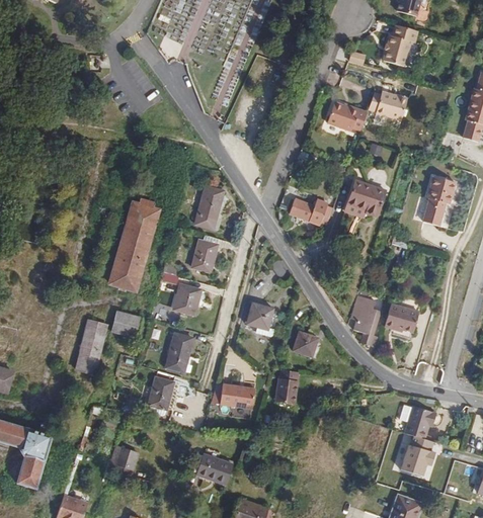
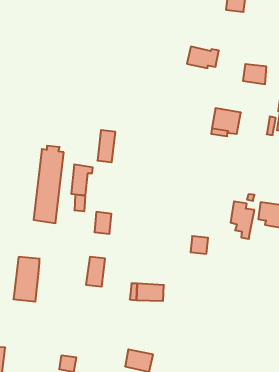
building: [376,91,407,119] -> [243,64,266,84]
building: [287,195,326,223] -> none
building: [193,230,225,269] -> [71,165,93,195]
building: [249,298,278,332] -> none
building: [108,312,141,342] -> none
building: [276,367,300,402] -> none
building: [145,379,166,414] -> none

